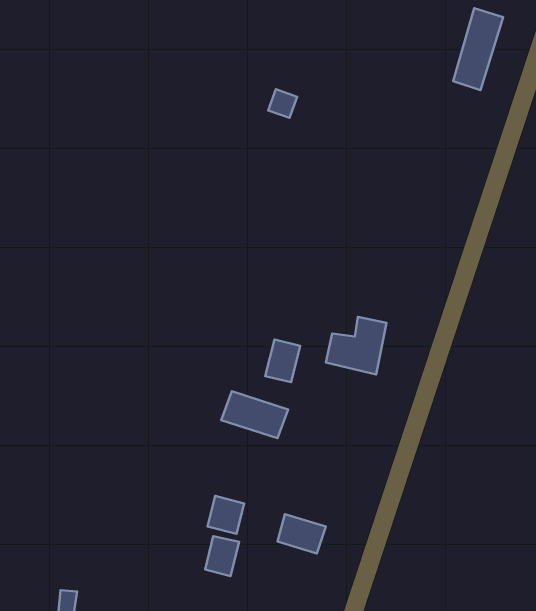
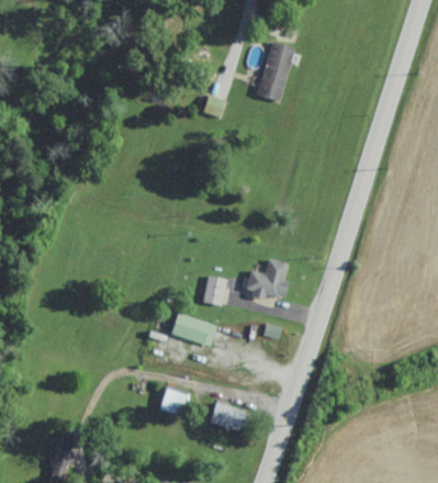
building: [453,8,503,90] -> [258,40,294,99]
building: [205,536,239,576] -> none

